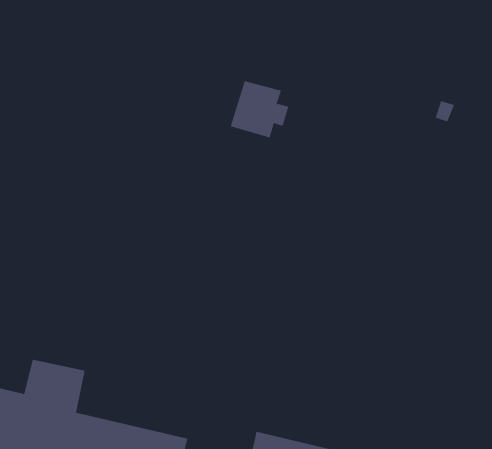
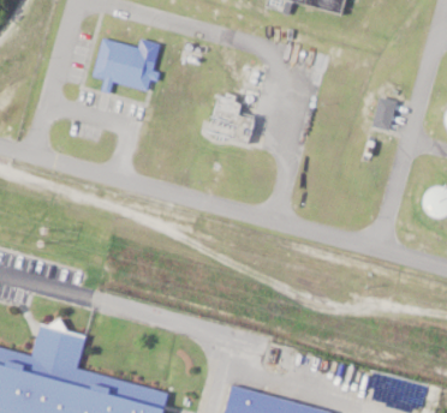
building: none -> [91,40,155,92]

